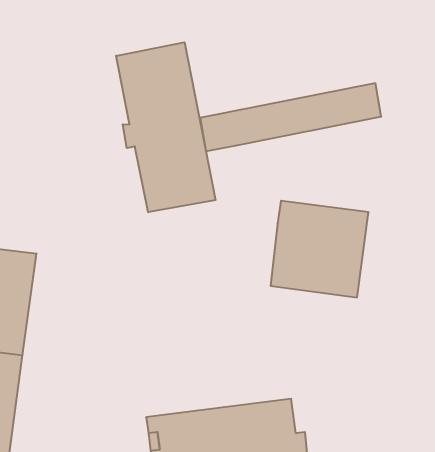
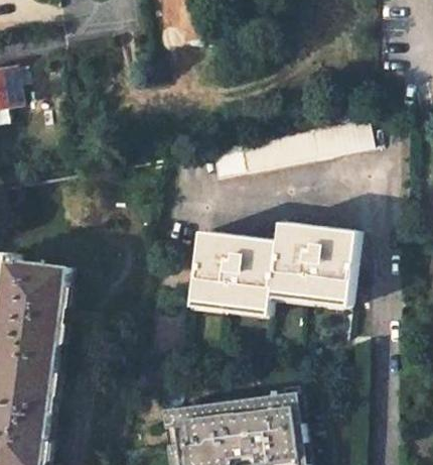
building: [116,42,216,212] -> none
building: none -> [191,231,278,315]

